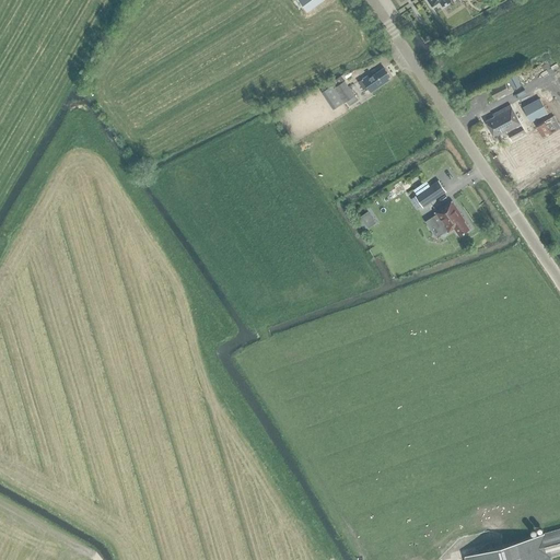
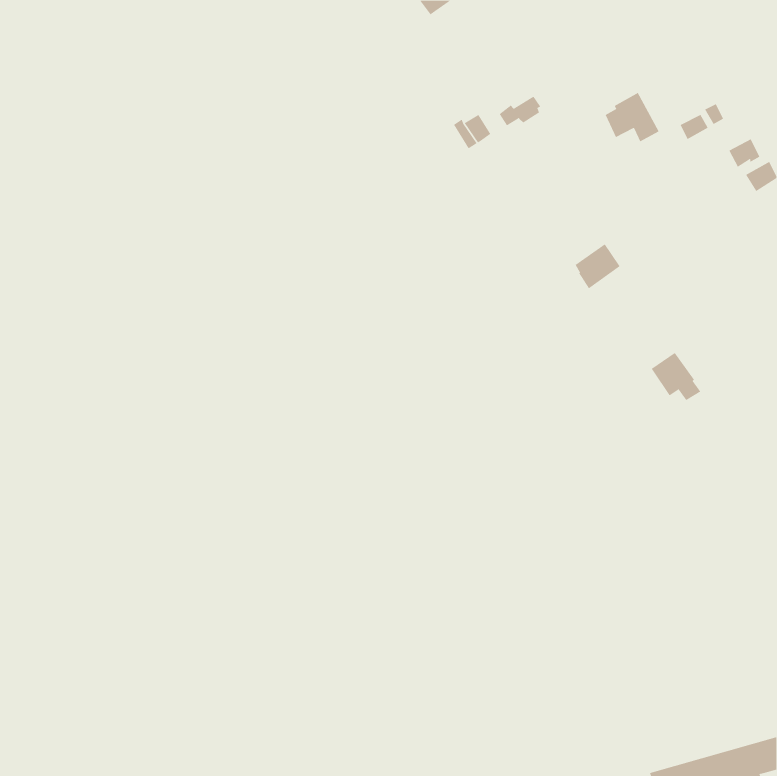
building: [486,106,525,142] -> [605,92,659,142]
building: [434,202,470,237] -> [651,352,701,401]

